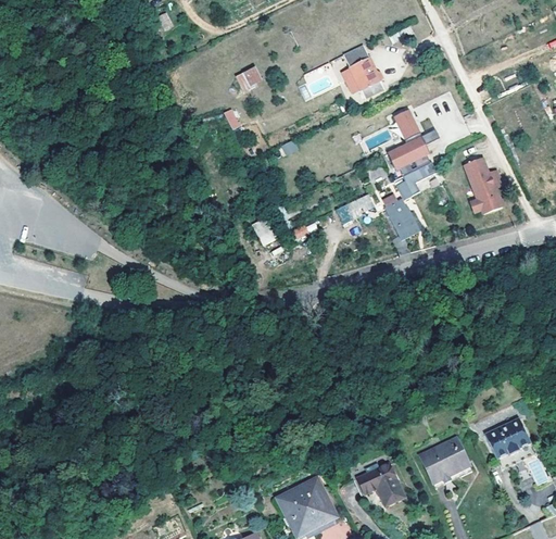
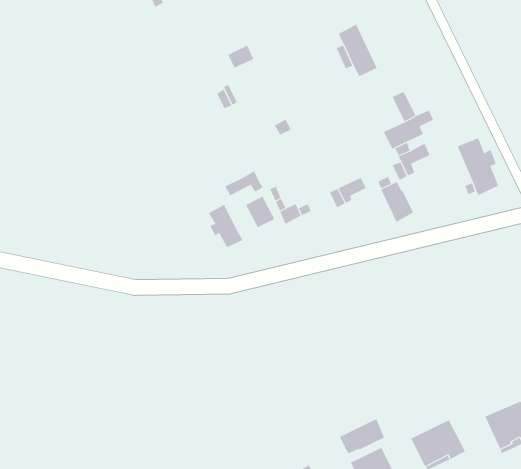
building: none -> [225,170,263,196]
building: none -> [208,204,243,248]
building: none -> [339,418,385,454]

